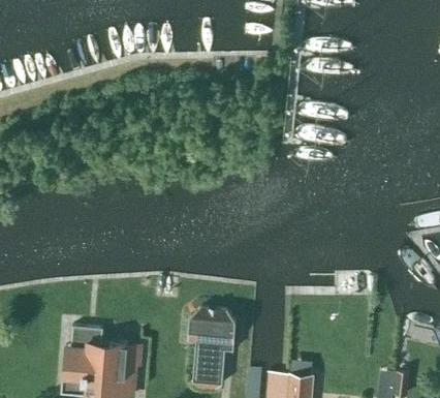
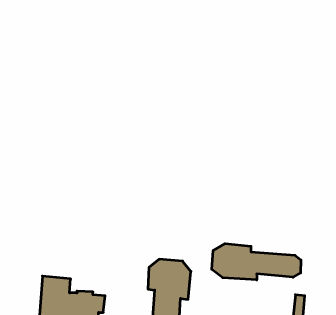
building: none -> [212,244,301,280]

